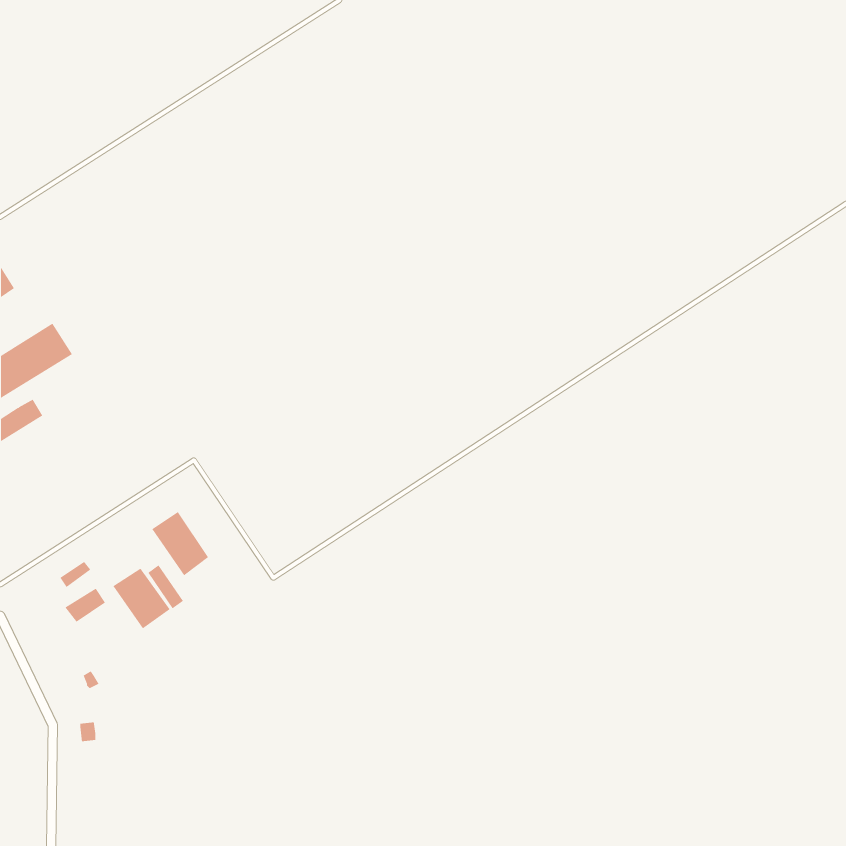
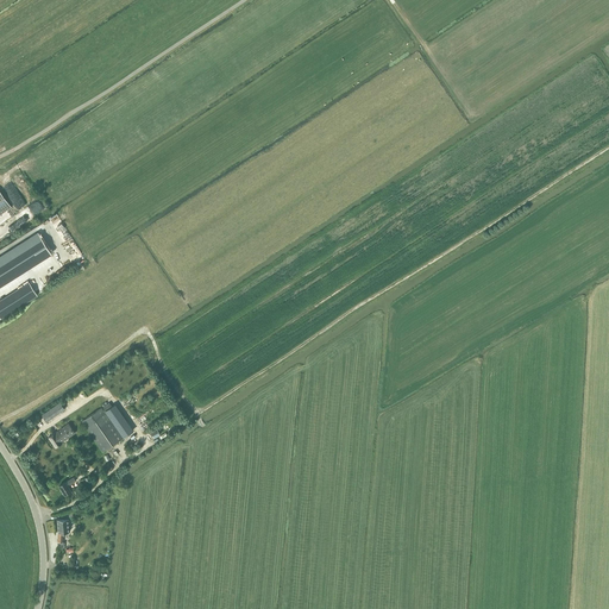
building: [152,511,209,576] -> none

